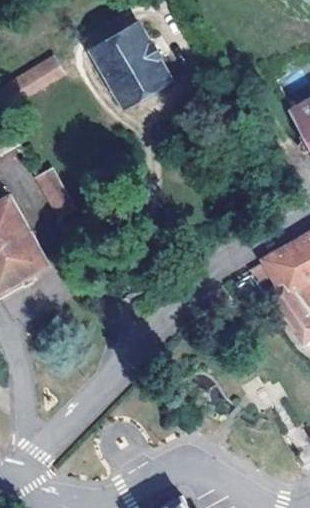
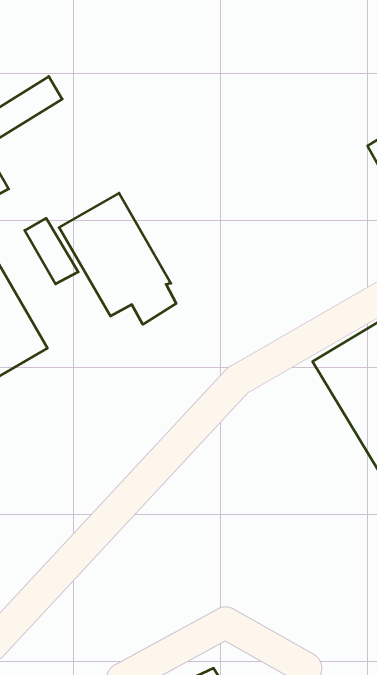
building: [96,24,173,104] -> none
building: none -> [59,193,176,324]

